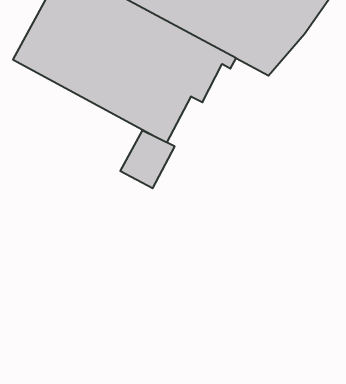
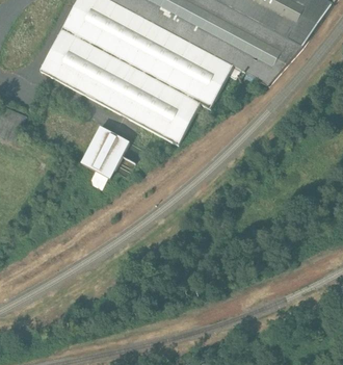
building: [120,130,175,188] -> [80,125,129,177]

